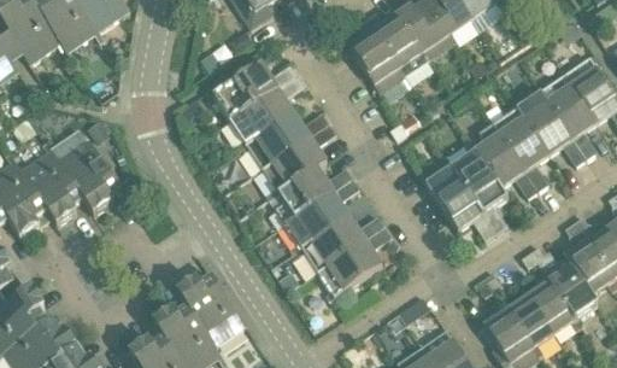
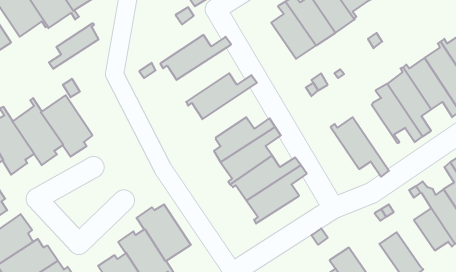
building: none -> [49,23,98,69]
building: [228,72,304,145] -> none
building: [260,121,335,198] -> none
building: [449,142,506,232] -> none
building: [505,293,553,352] -> none

